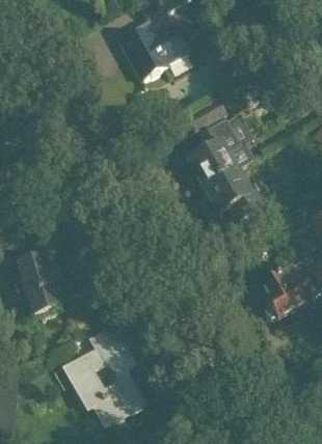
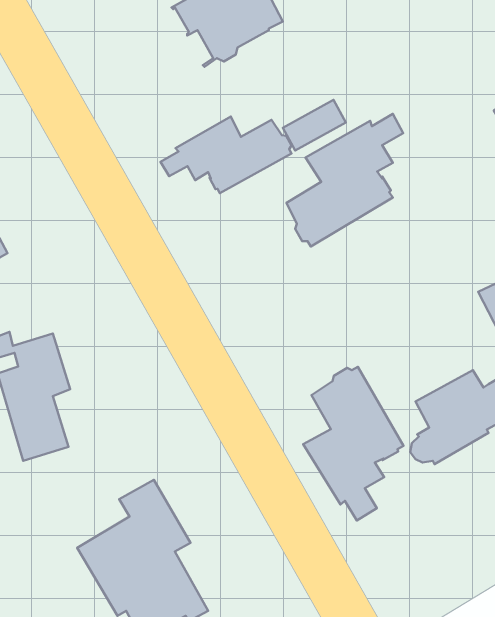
building: none -> [160,116,292,193]
building: [204,169,261,219] -> none
building: none -> [303,367,404,521]

